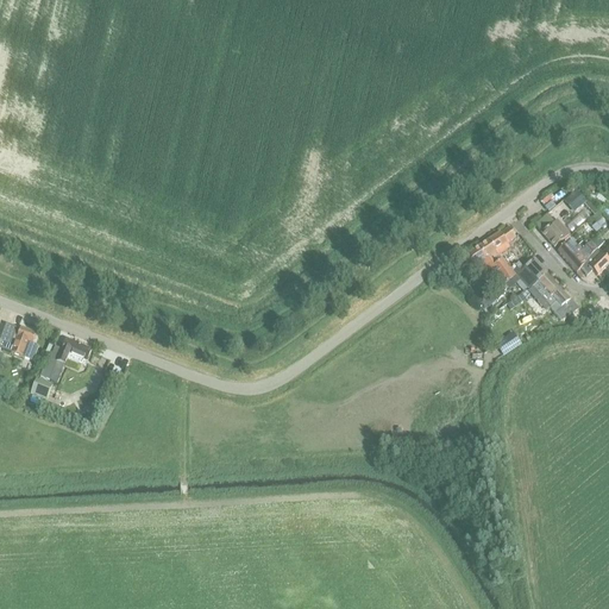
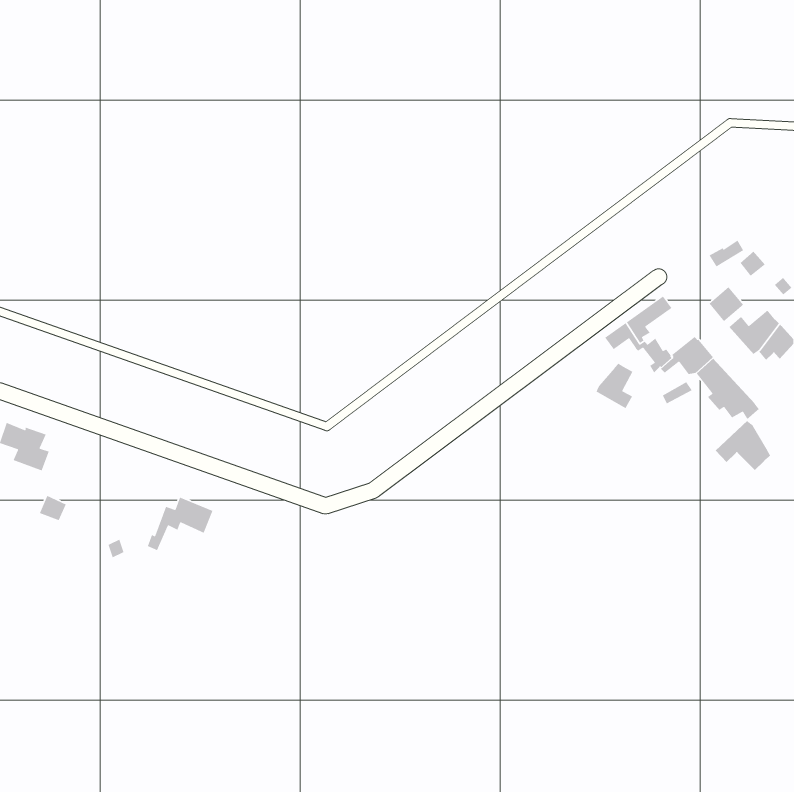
building: none -> [596,363,634,409]
building: none -> [715,420,771,471]
building: [39,338,90,379] -> [147,497,214,551]

